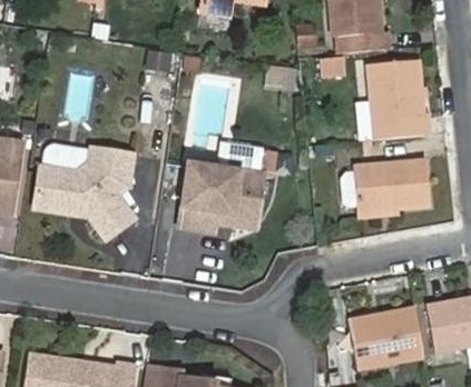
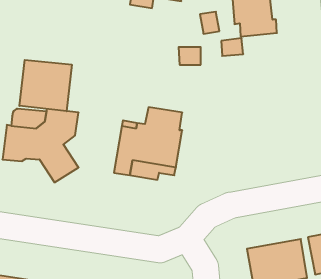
building: [366,61,424,139] -> none
building: none -> [19,60,72,111]
building: [351,159,428,210] -> none

